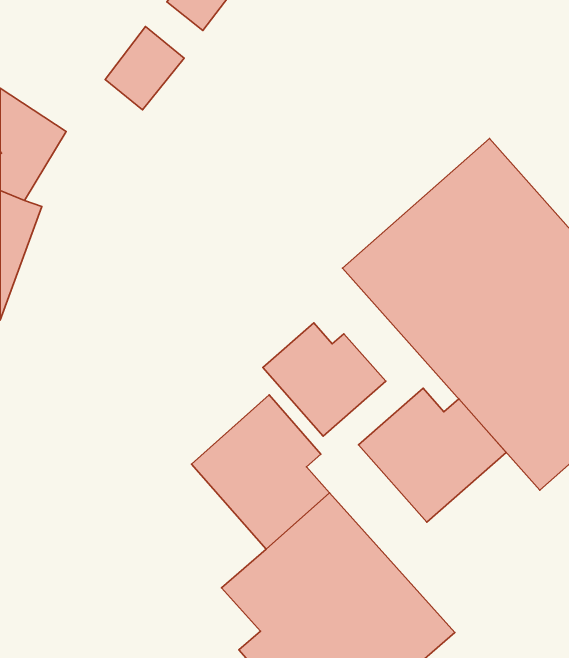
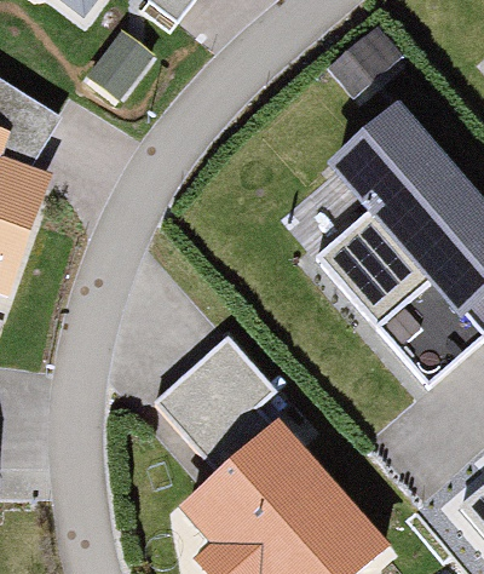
building: [263,323,386,436] -> none
building: [358,388,506,522] -> none

